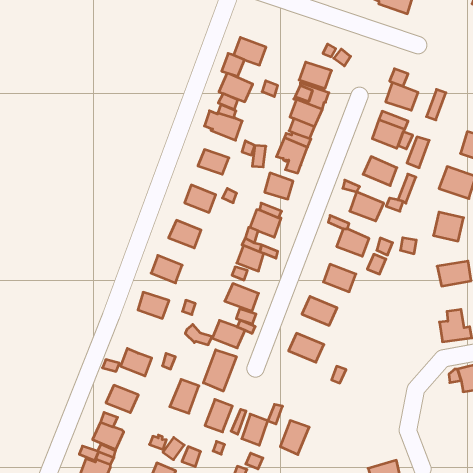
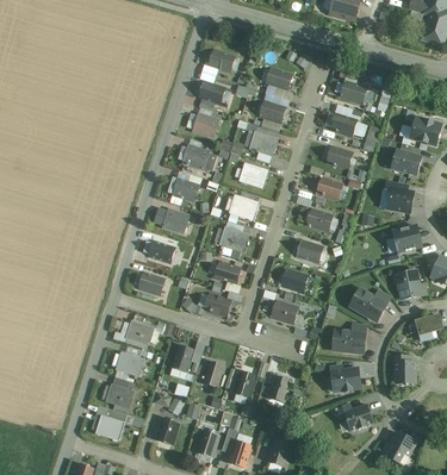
building: none -> [356,289,387,320]
building: [203,350,236,391] -> none
building: none -> [337,324,364,352]
building: none -> [393,356,415,383]
building: none -> [331,365,360,392]

